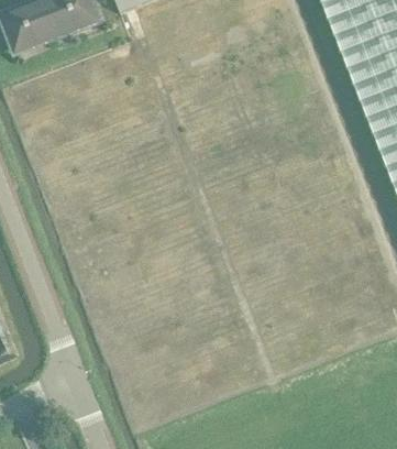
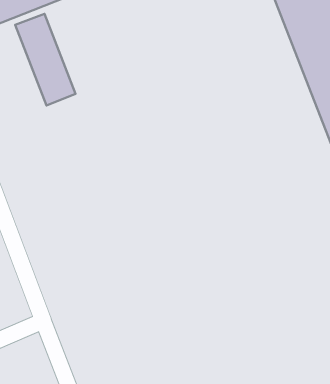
building: none -> [15,14,76,106]

